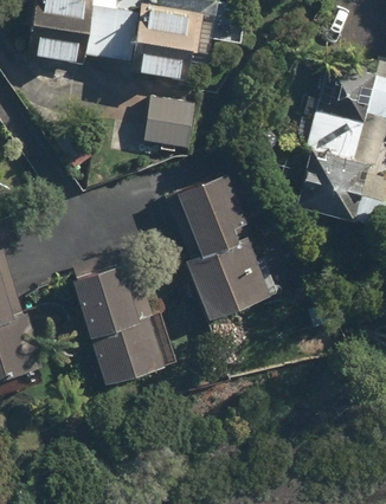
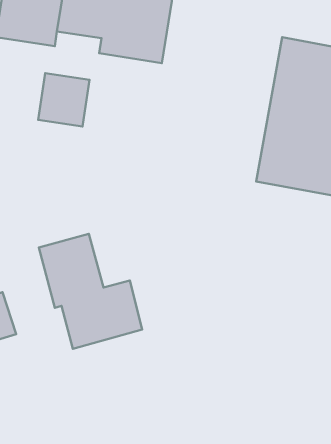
building: [143,95,197,150] -> [38,73,89,127]
building: [173,174,270,322] -> none

